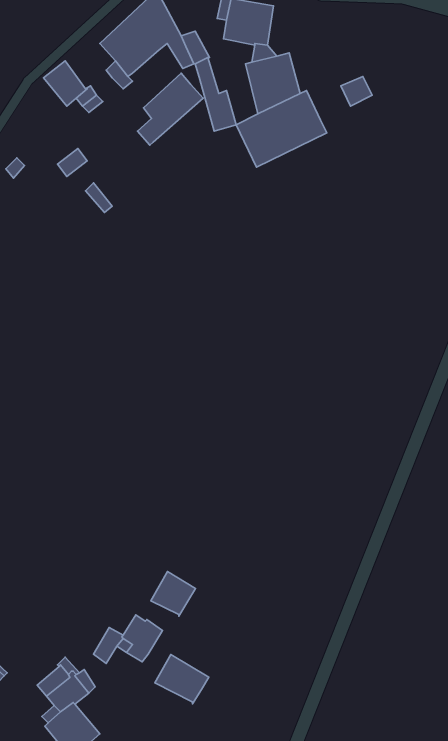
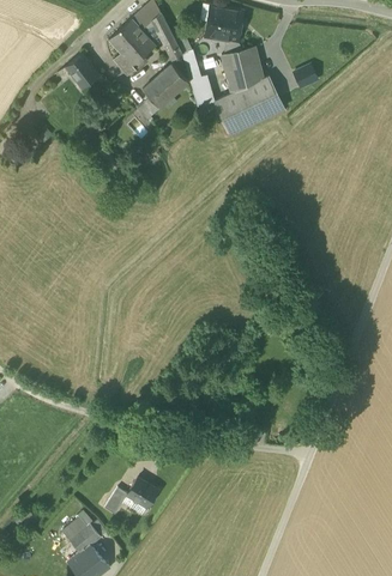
building: [151,572,195,616] -> none
building: [155,654,209,704] -> none

